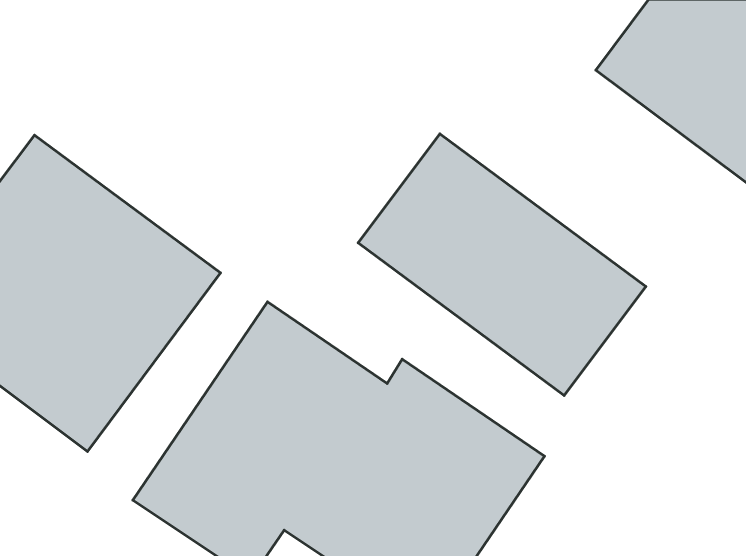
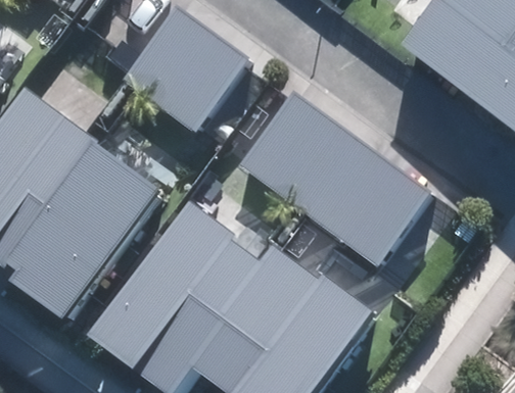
building: none -> [131,9,243,125]

